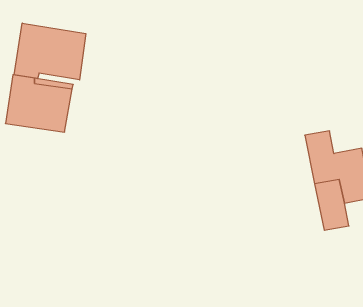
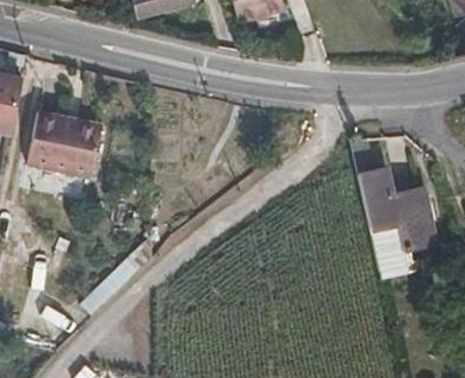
building: [14,23,86,80] -> none

